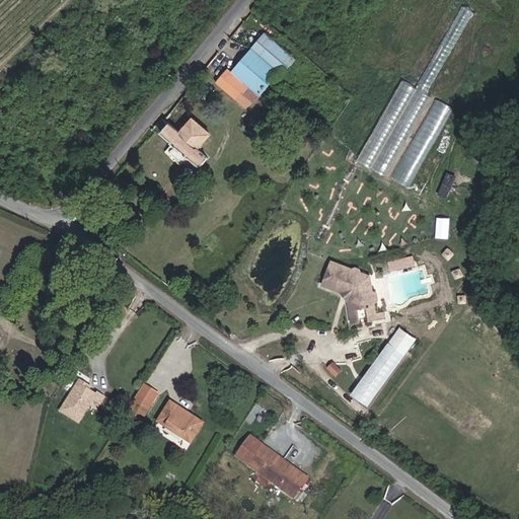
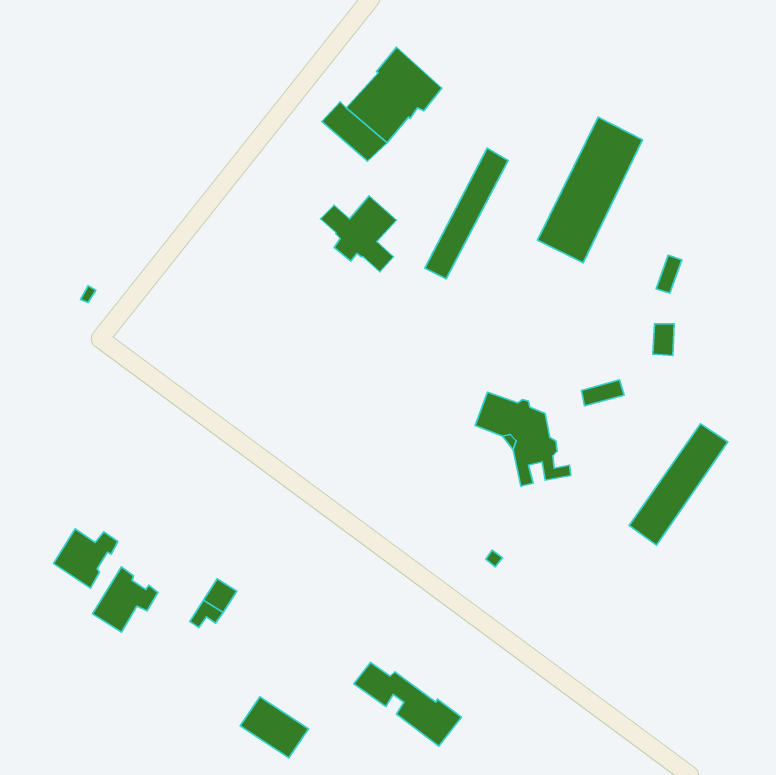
building: [394,97,450,184] -> [425,148,508,279]
building: [160,117,211,167] -> [321,196,396,272]
building: [349,325,415,406] -> [629,424,728,545]
building: none -> [53,529,118,588]
building: [158,402,204,443] -> [240,697,308,758]

